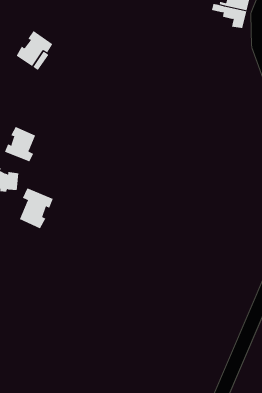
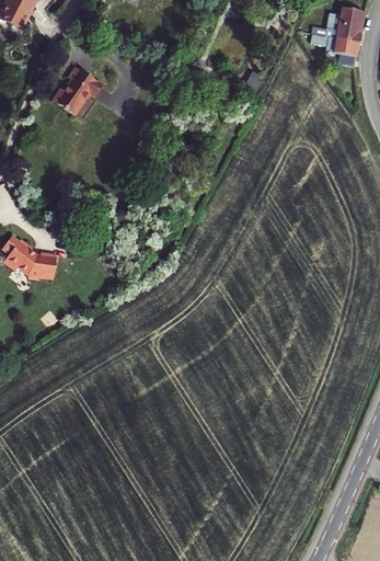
building: [4,126,36,162] -> none
building: [19,188,54,229] -> none

